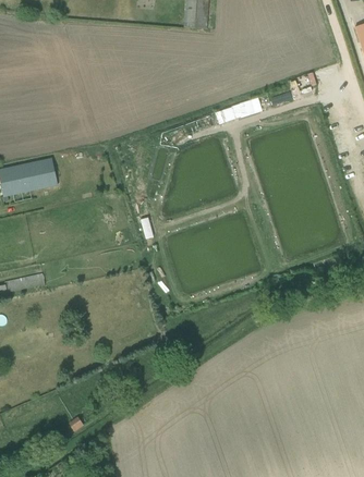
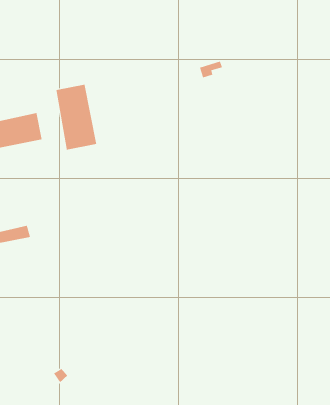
building: none -> [56,84,97,150]

